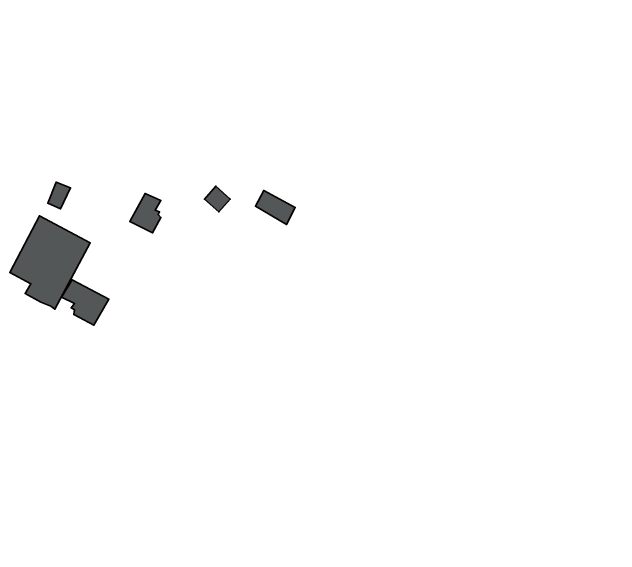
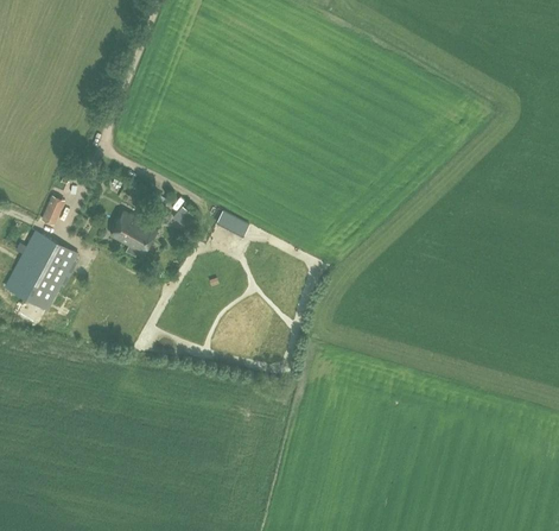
building: none -> [128,219,155,254]
building: [61,280,109,325] -> none

